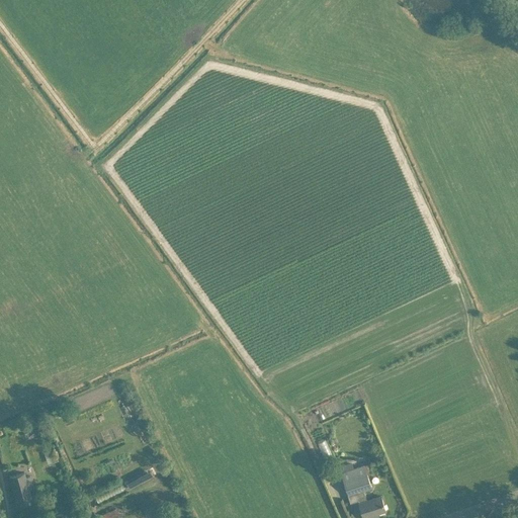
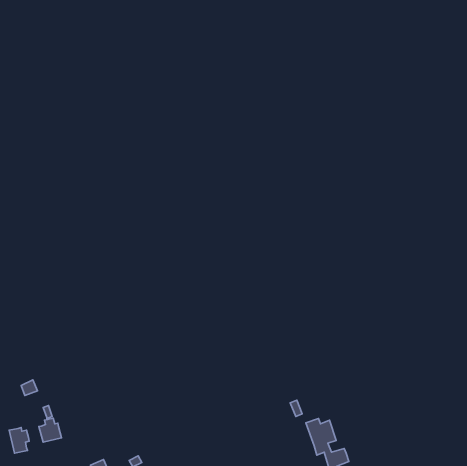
building: none -> [39,418,61,442]

